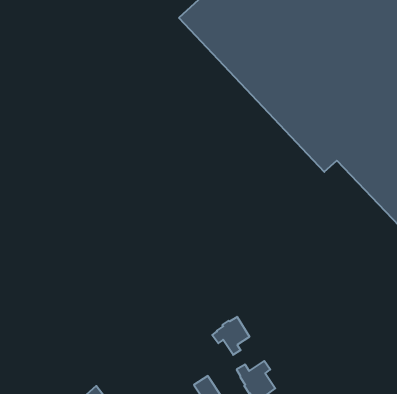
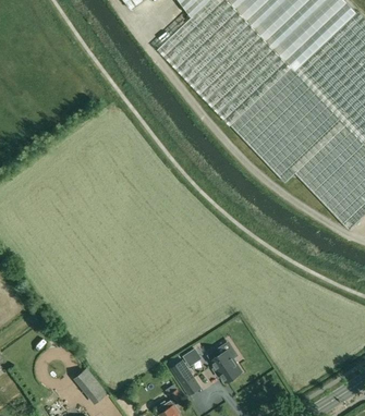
building: [212,317,249,355] -> none

